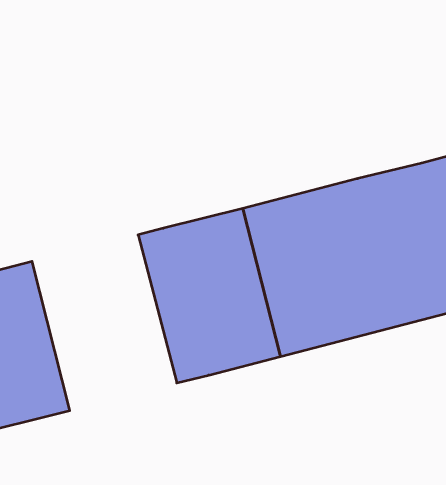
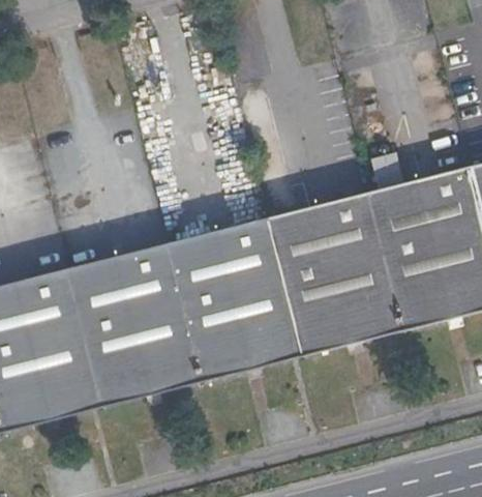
building: none -> [69,241,205,406]

